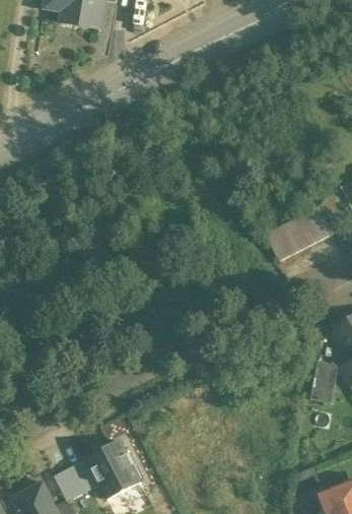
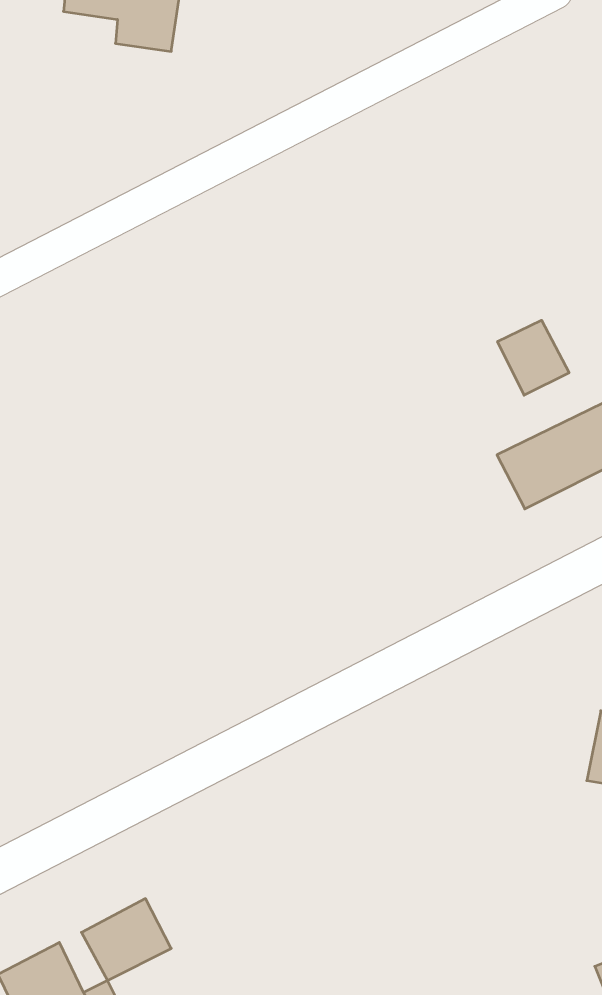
building: none -> [498,320,569,395]
building: [86,440,142,499] -> none

